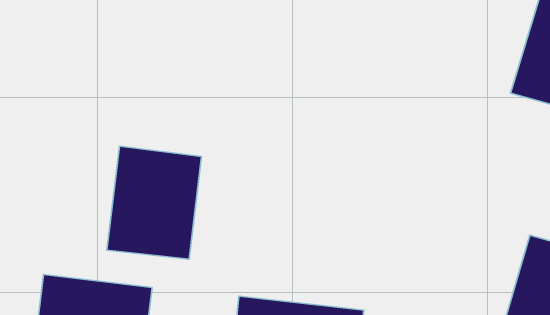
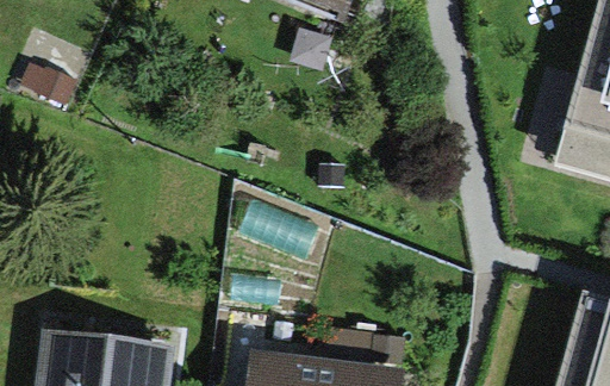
building: [107,146,201,259] -> none

